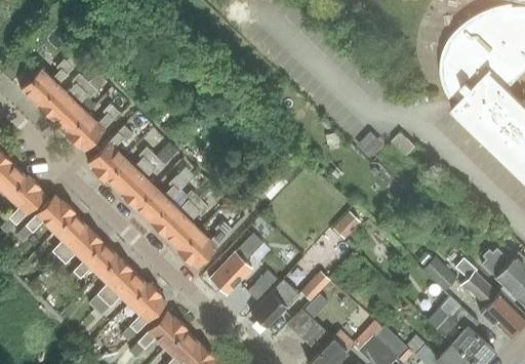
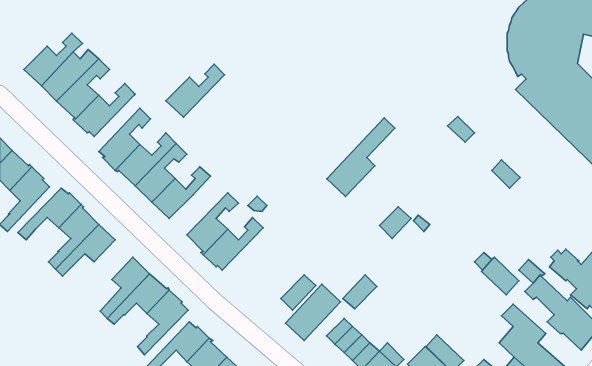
building: [149,190,200,236] -> [166,64,225,117]
building: [209,226,269,294] -> [327,118,395,196]
building: [65,240,117,286] -> none

